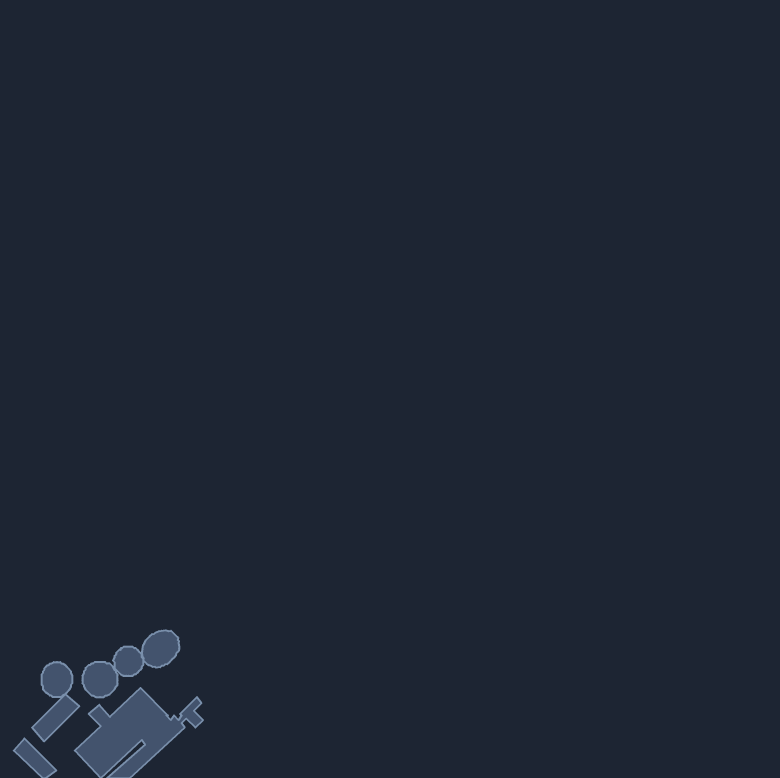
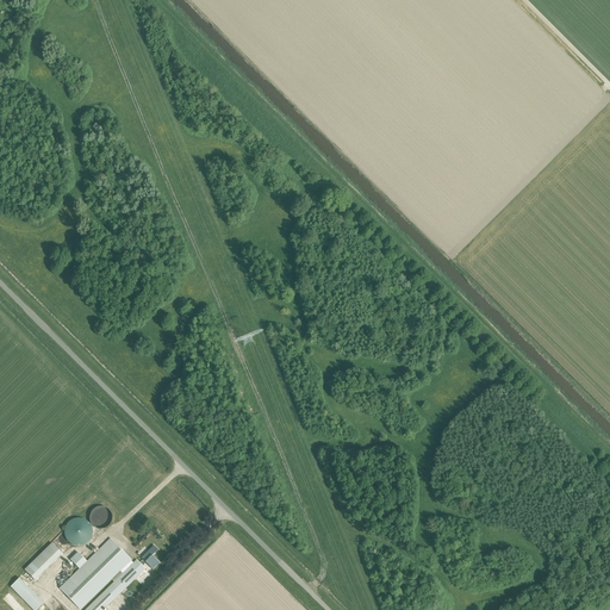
building: [142,630,179,668] -> none
building: [42,662,72,697] -> none

